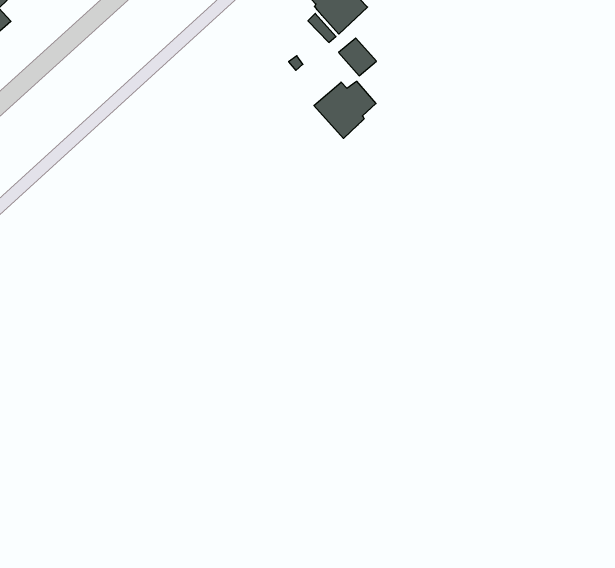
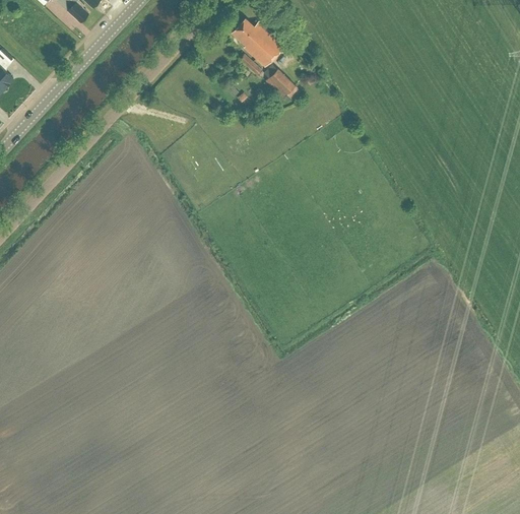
building: [314,81,376,138] -> none

